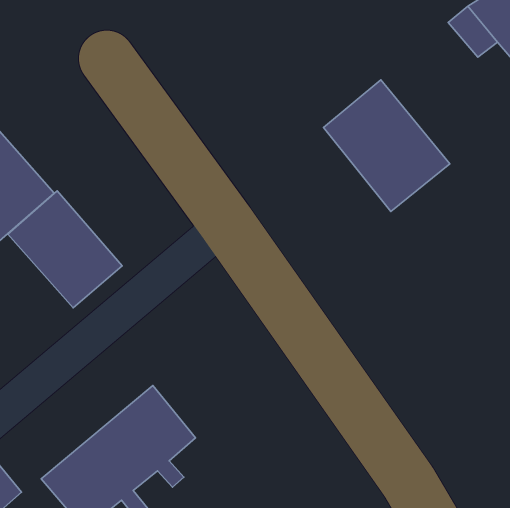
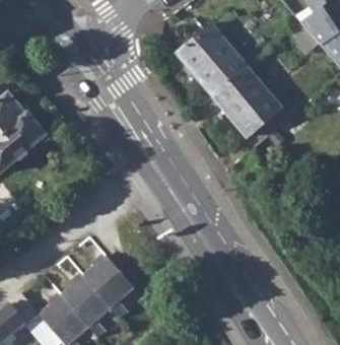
building: none -> [176,21,248,94]
building: [8,191,122,308] -> none

